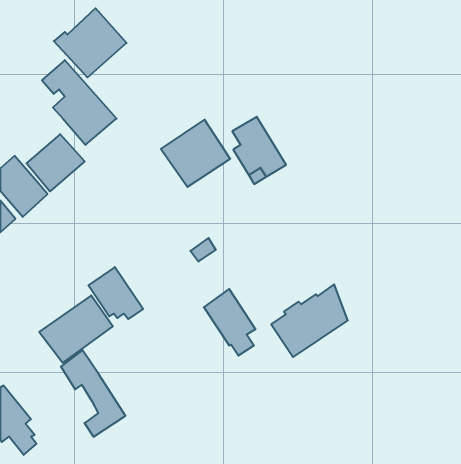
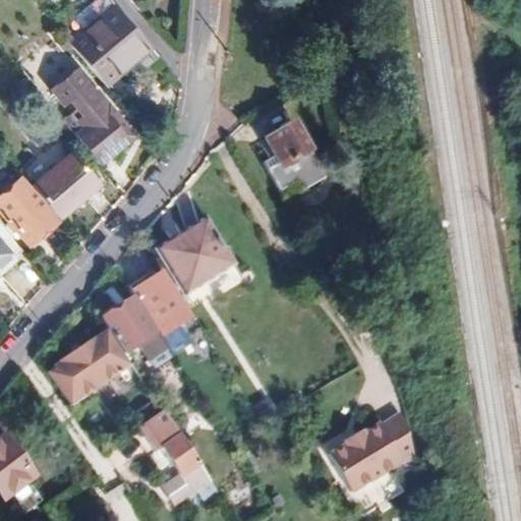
building: [161,120,230,187] -> [160,218,237,293]
building: [271,284,348,357] -> [329,409,414,490]
building: [204,289,256,356] -> [131,266,189,340]
building: [61,350,125,437] -> [140,409,213,506]

